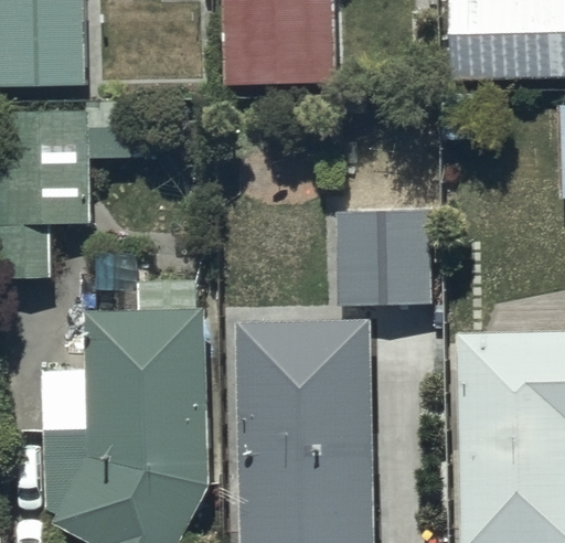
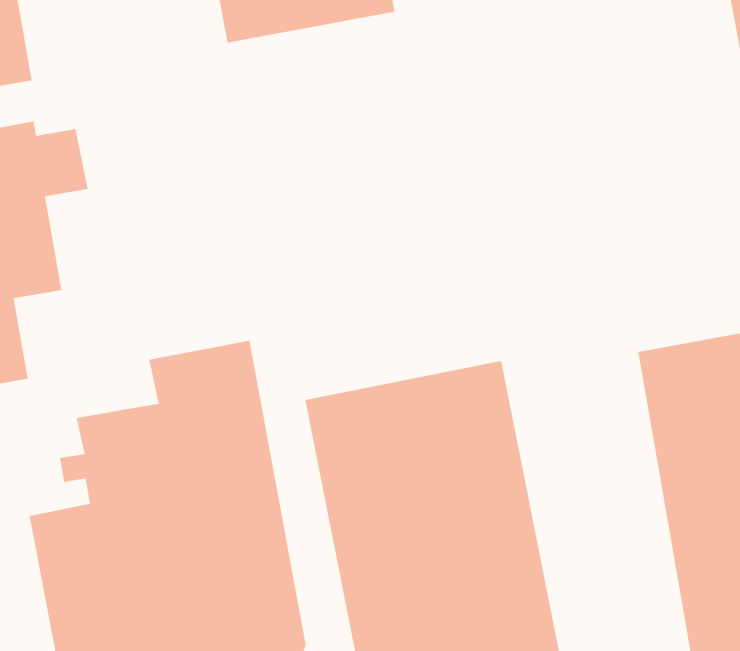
building: [338,205,435,306] -> none

